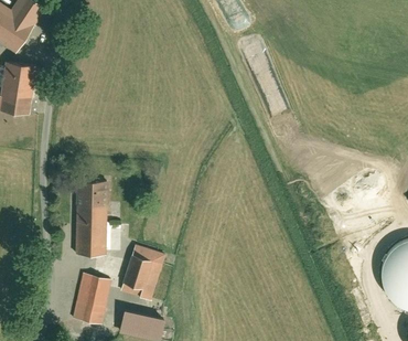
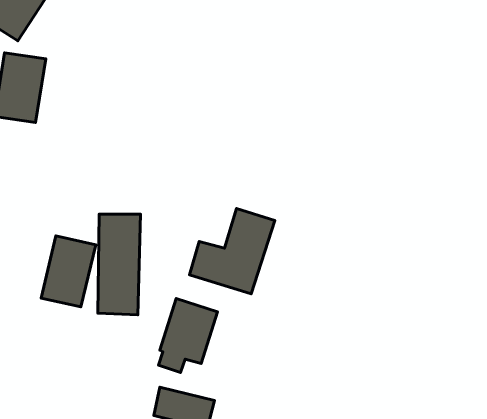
building: none -> [190,208,275,294]
building: [72,273,112,326] -> [41,236,96,307]

